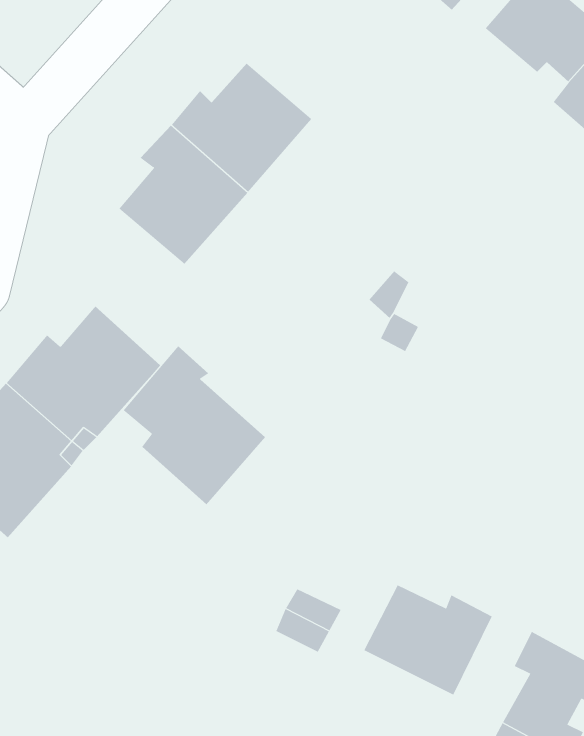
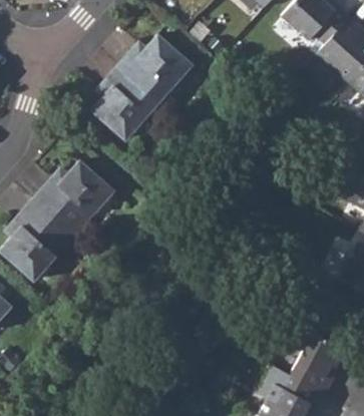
building: [123,345,266,505] -> none
building: [363,584,493,696] -> none

